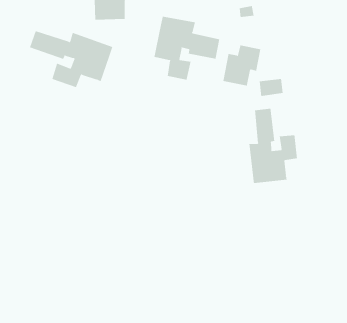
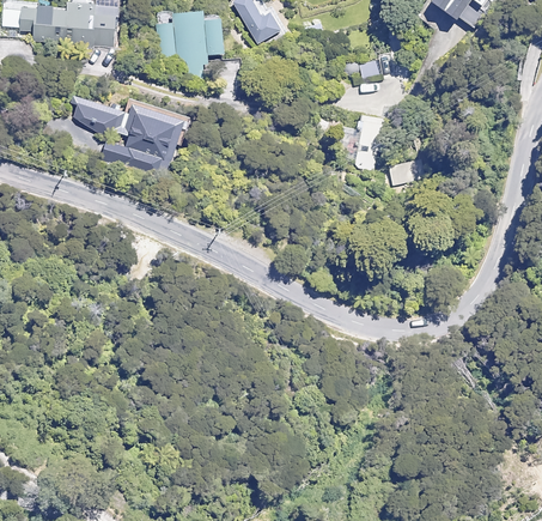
building: [154,16,220,80] -> none
building: [249,108,297,184] -> none

